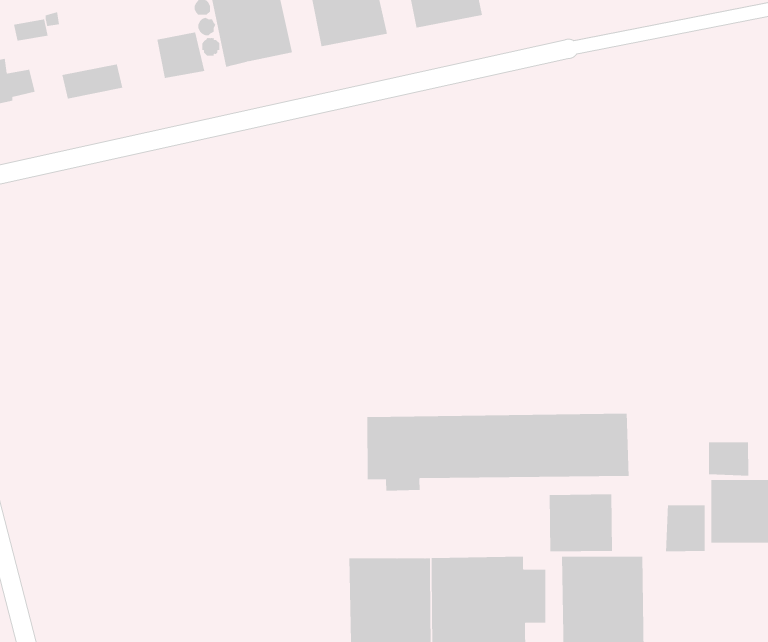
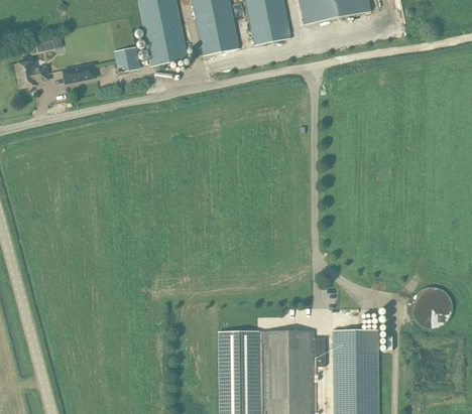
building: [367,413,629,491] -> none
building: [708,441,749,476] -> none
building: [549,494,613,552] -> none
building: [666,505,705,552] -> none

